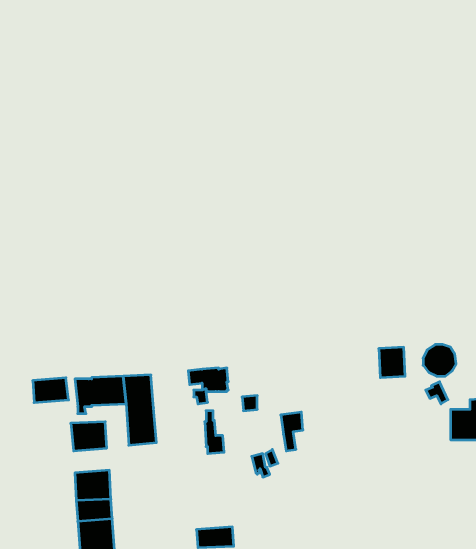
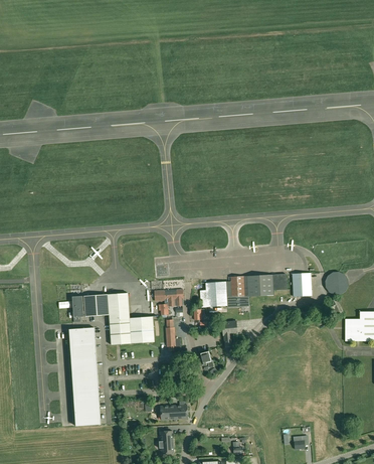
building: none -> [199,273,287,307]
building: [33,378,69,403] -> [70,346,97,364]
building: none -> [129,315,154,342]

